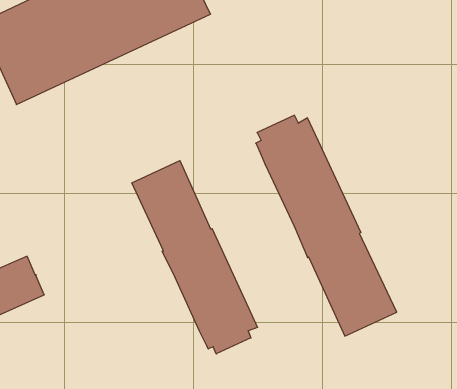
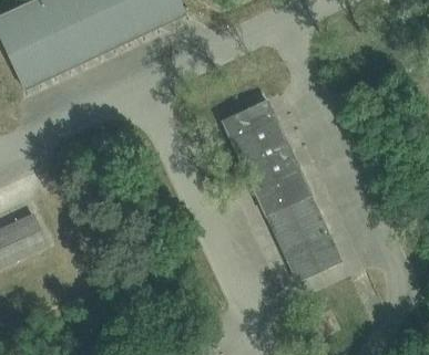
building: [132,161,257,354] -> none

